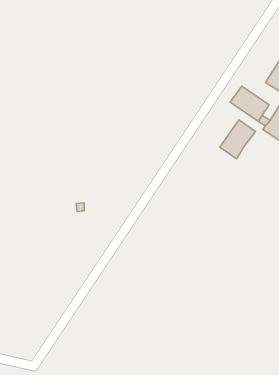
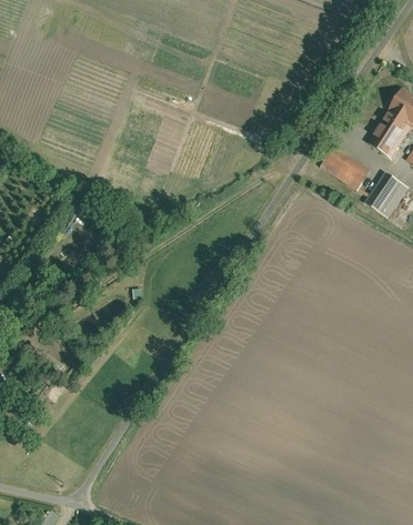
building: [220,120,255,159] -> none

